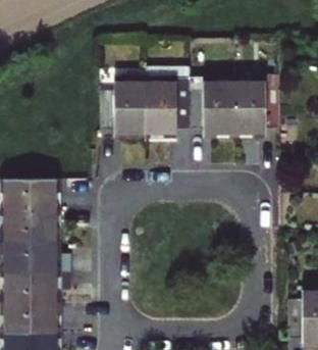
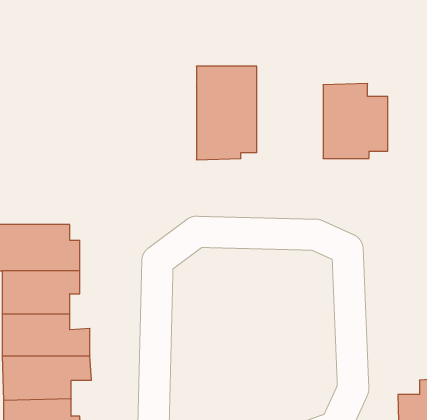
building: [185,78,232,133] -> none
building: [98,82,143,134] -> none

